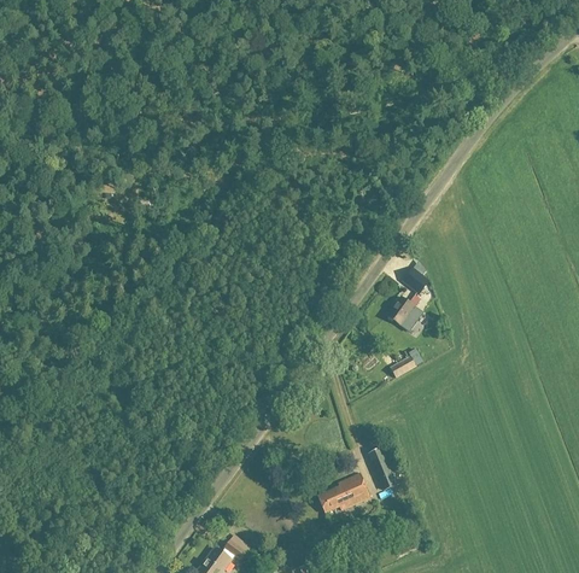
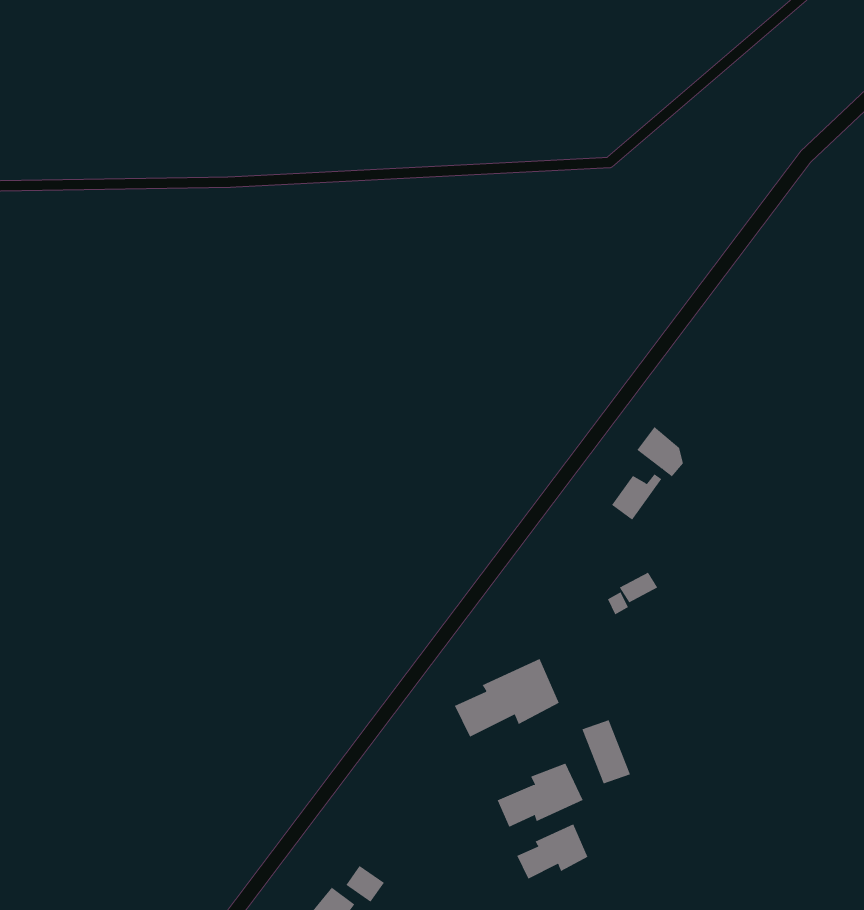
building: none -> [454,658,560,737]
building: none -> [517,824,588,879]

